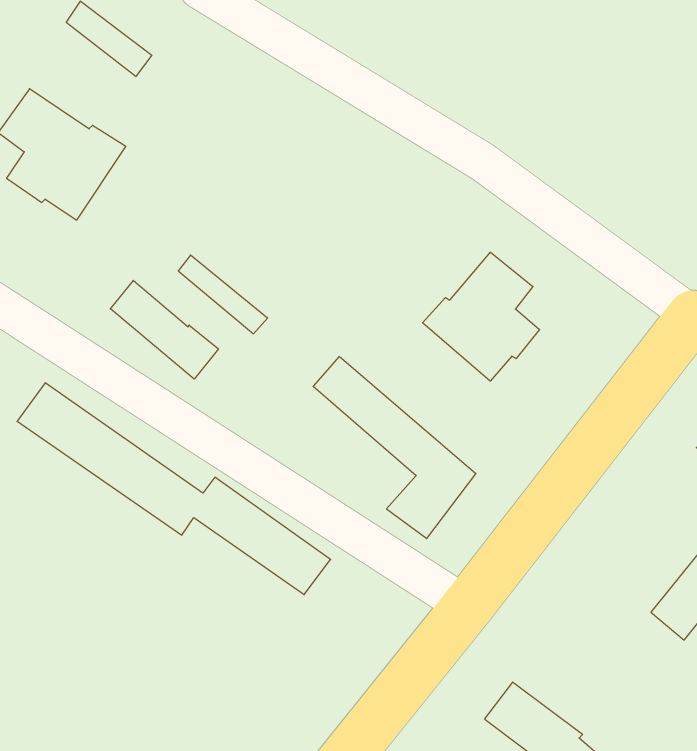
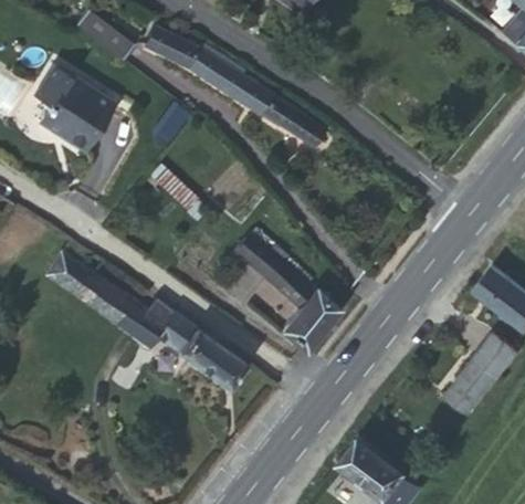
building: none -> [144,25,323,147]
building: [423,252,540,381] -> none
building: [110,280,218,379] -> none

